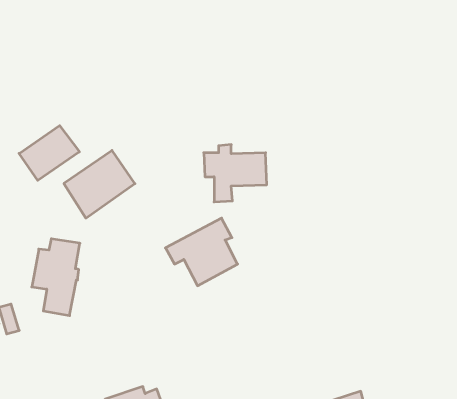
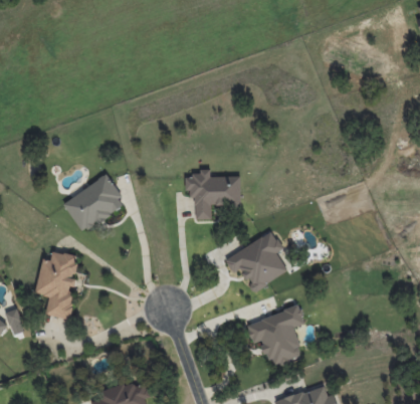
building: [19,126,79,180] -> none
building: [165,218,238,286] -> [224,232,287,291]
building: none -> [246,306,305,368]

